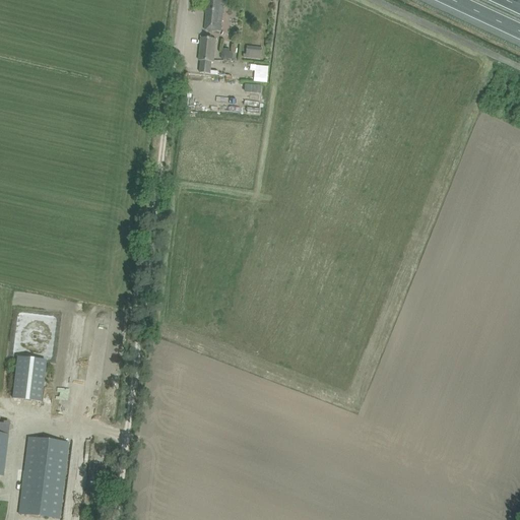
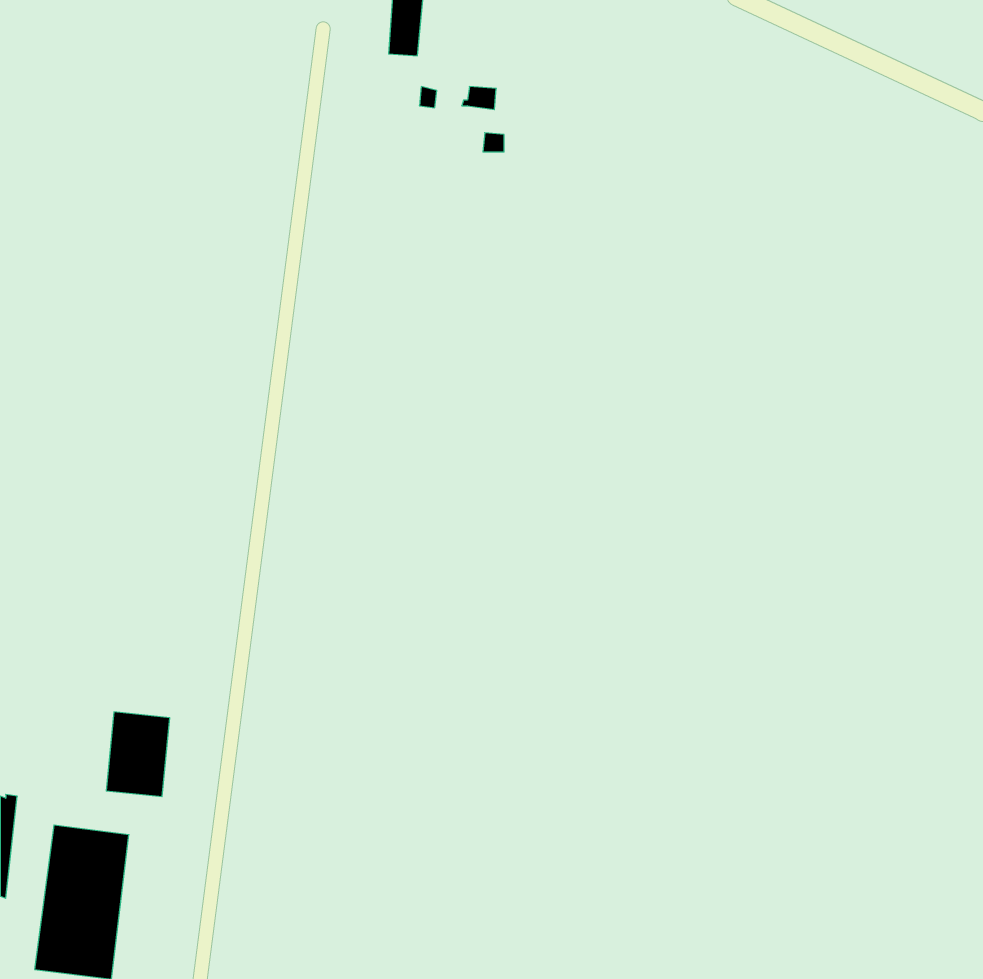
building: [199,37,215,72] -> none
building: [12,354,46,399] -> [106,712,170,797]

